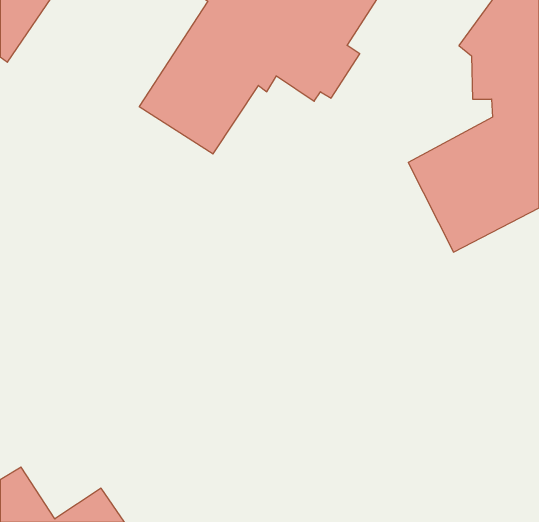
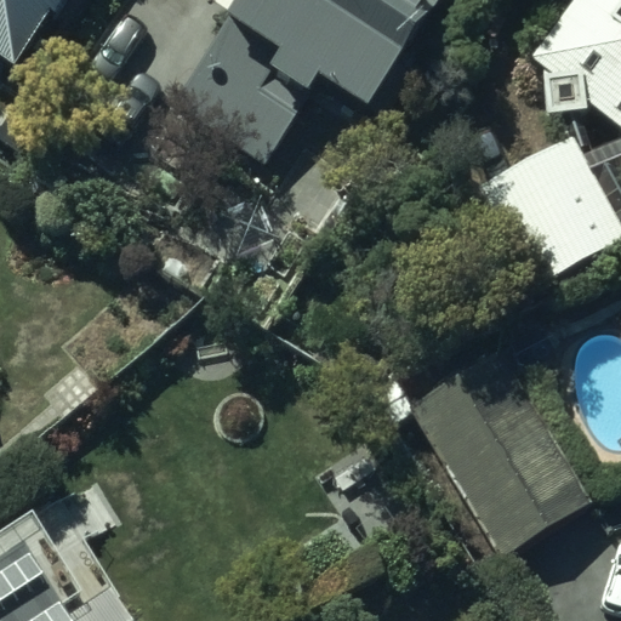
building: none -> [414,346,588,548]

